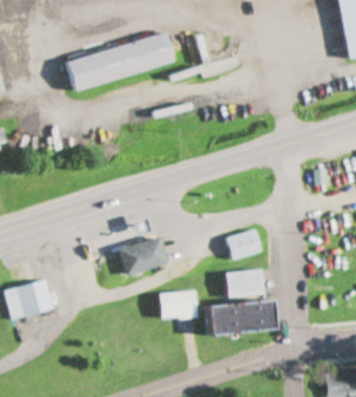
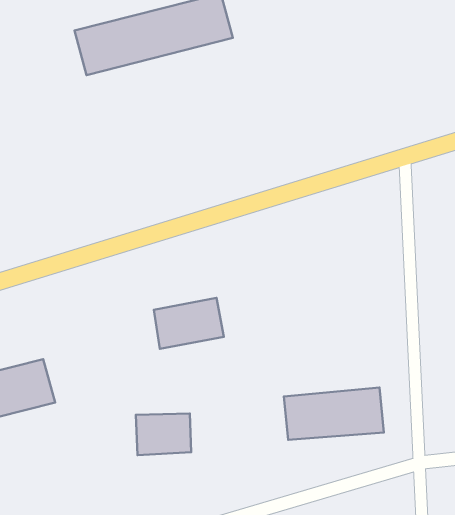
building: [226,229,262,260] -> none
building: [226,269,263,296] -> none
building: [159,291,197,319] -> [136,413,191,455]

